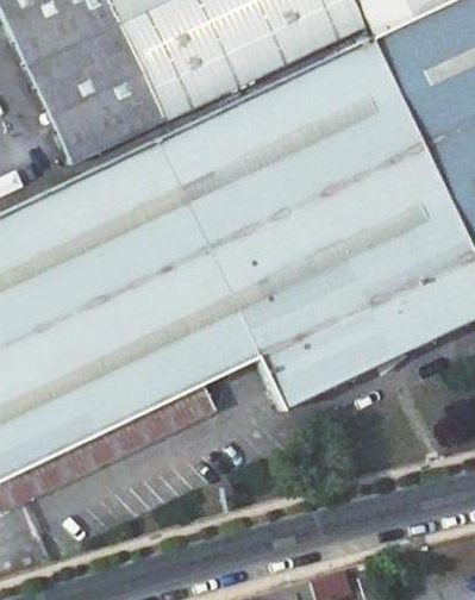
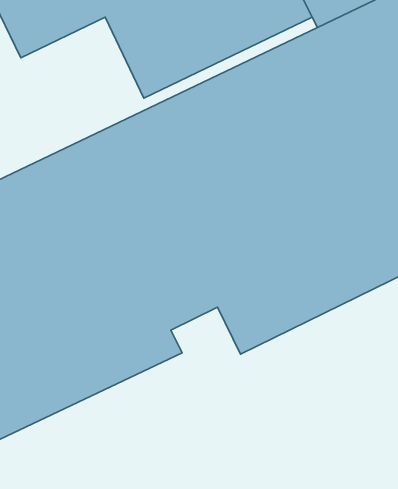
building: [31,25,171,163] -> none

